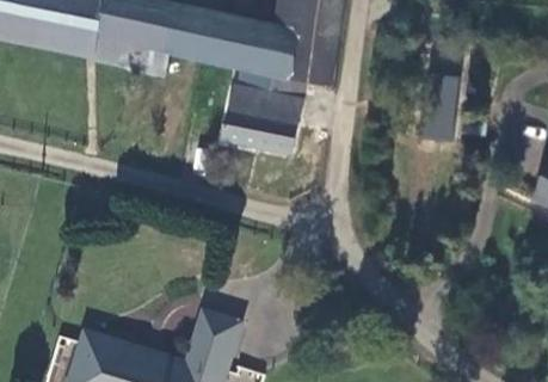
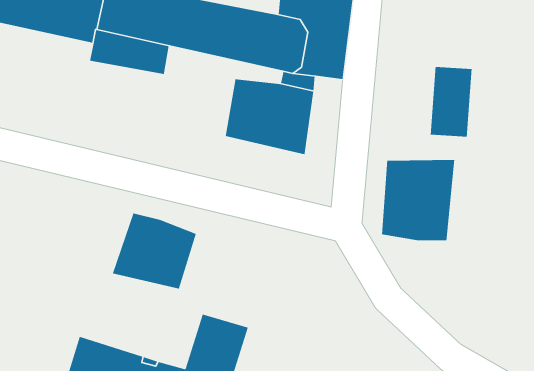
building: none -> [381,159,455,241]
building: none -> [112,212,197,290]

